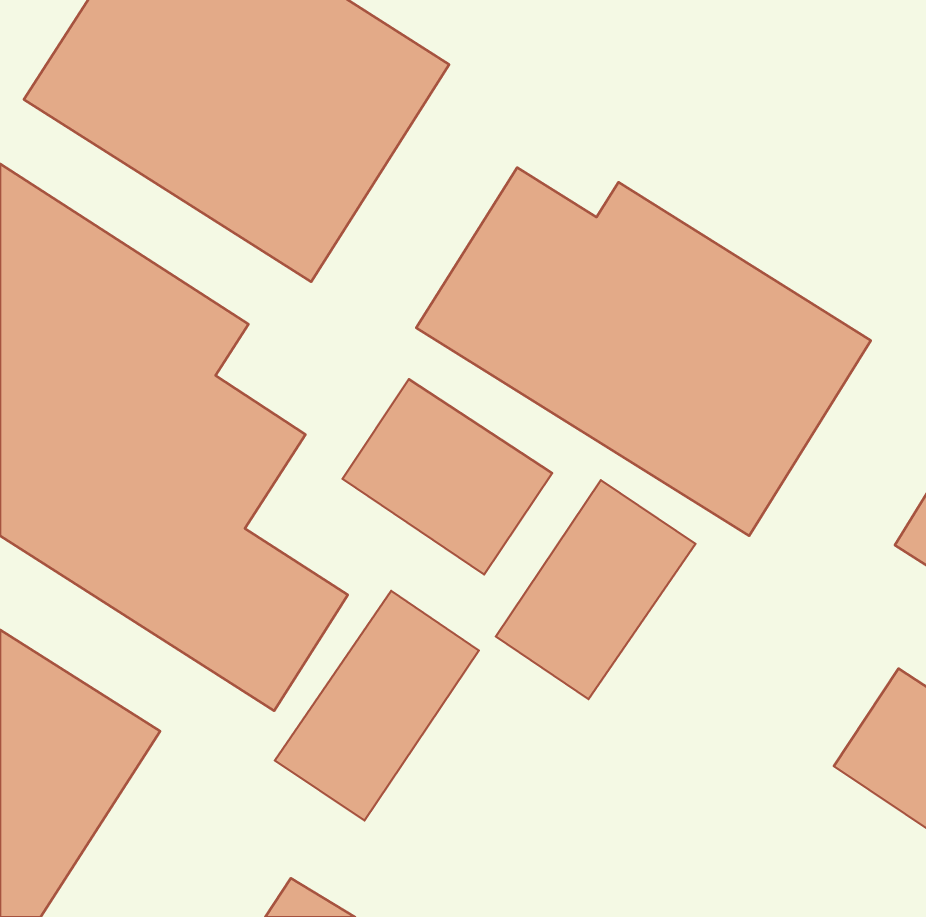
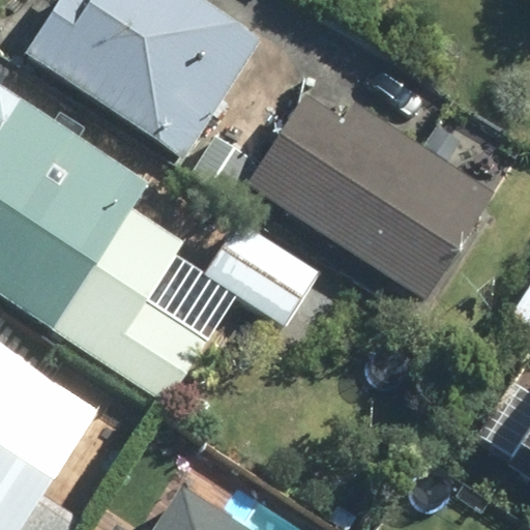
building: [496,480,695,699] -> none
building: [275,591,479,821] -> none

